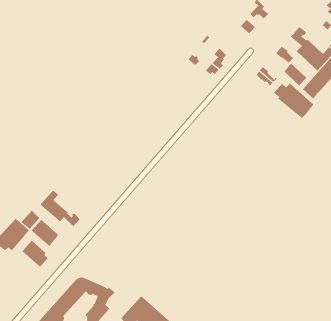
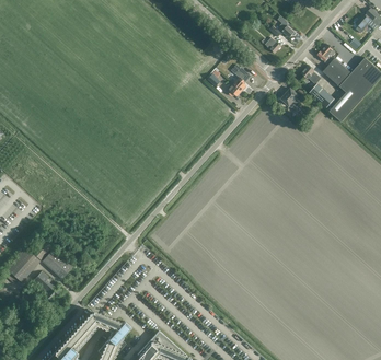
building: [273,83,314,119] -> none
building: [40,190,81,227] -> none

